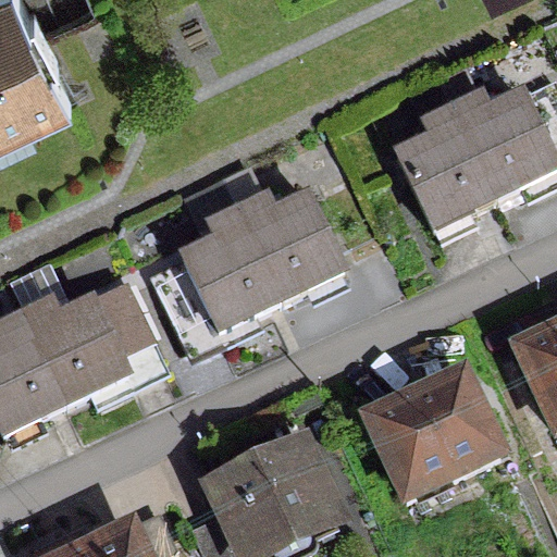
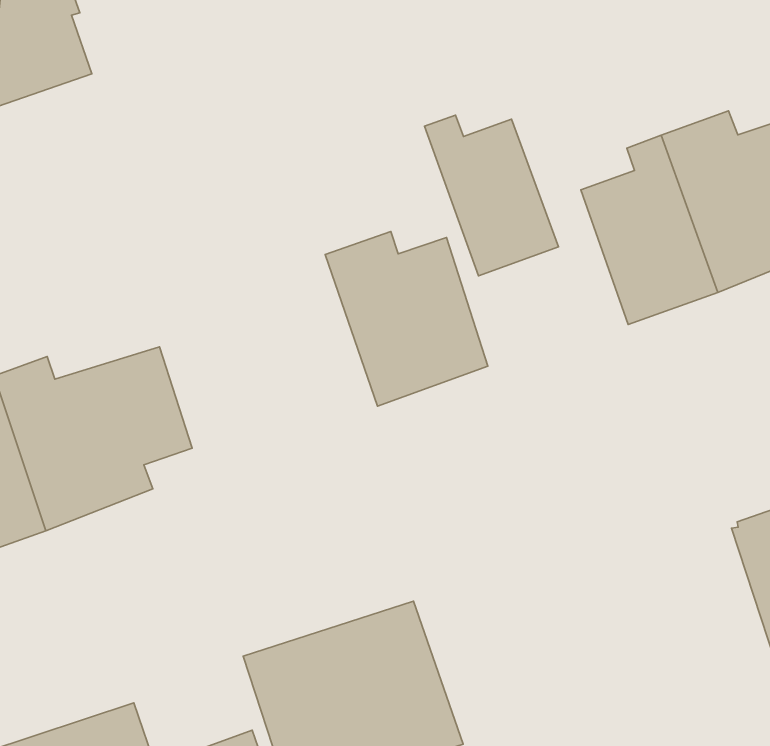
building: none -> [424,115,558,276]
building: [181,206,275,329] -> none
building: [364,384,495,507] -> none

